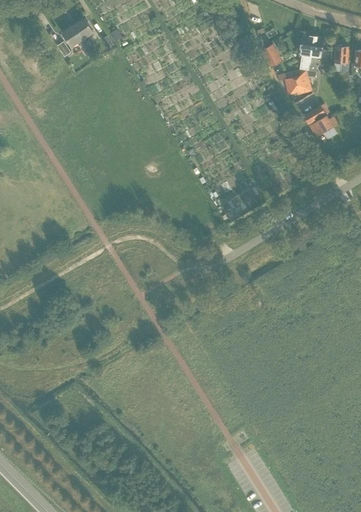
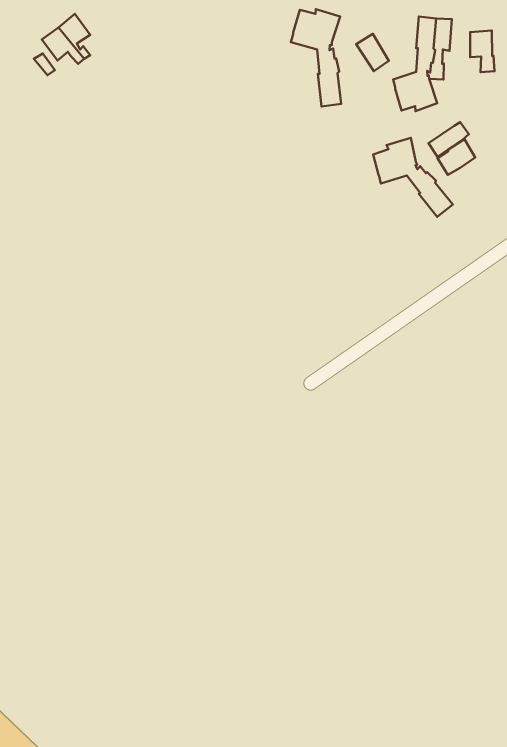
building: none -> [291,9,341,106]
building: none -> [373,138,453,217]

